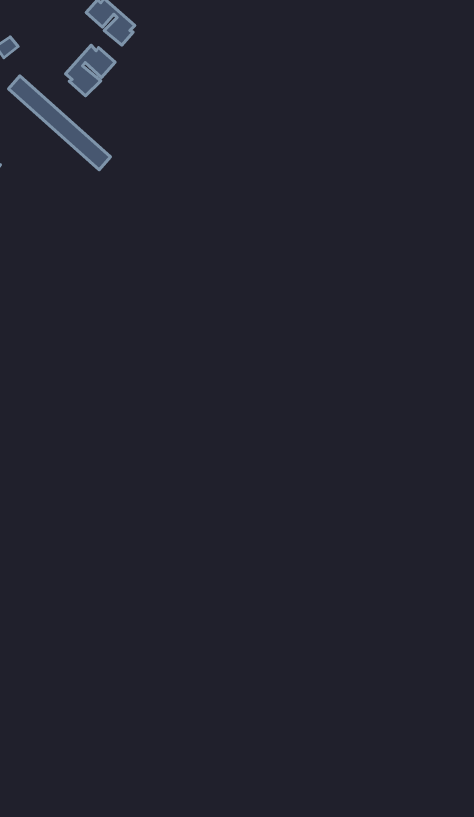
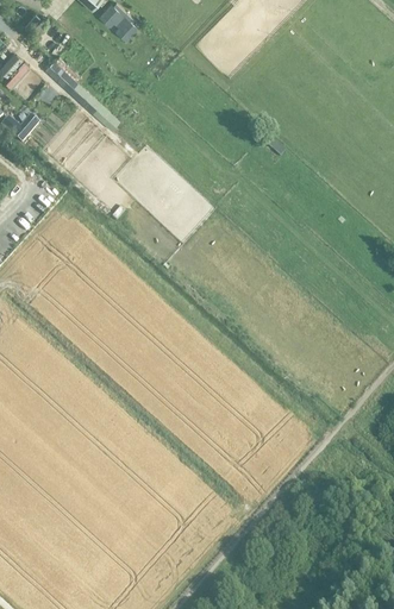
building: [65,45,115,96] -> none

